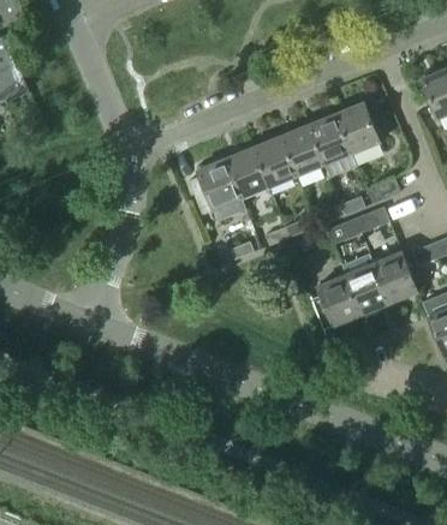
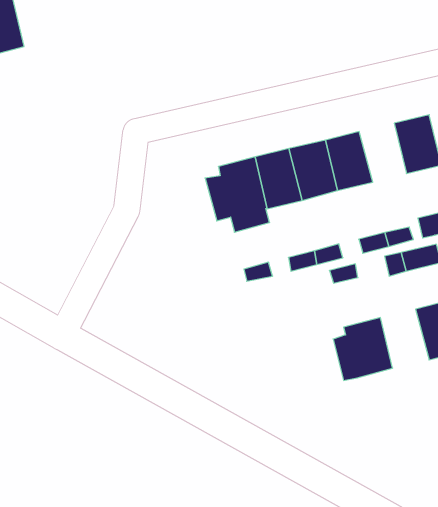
building: [309,113,352,163] -> none
building: [347,262,392,312] -> none

